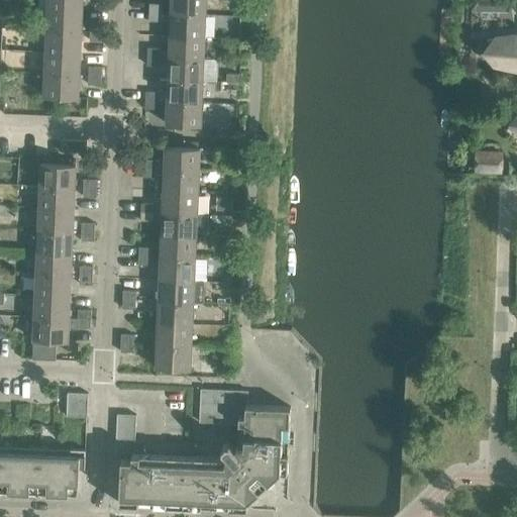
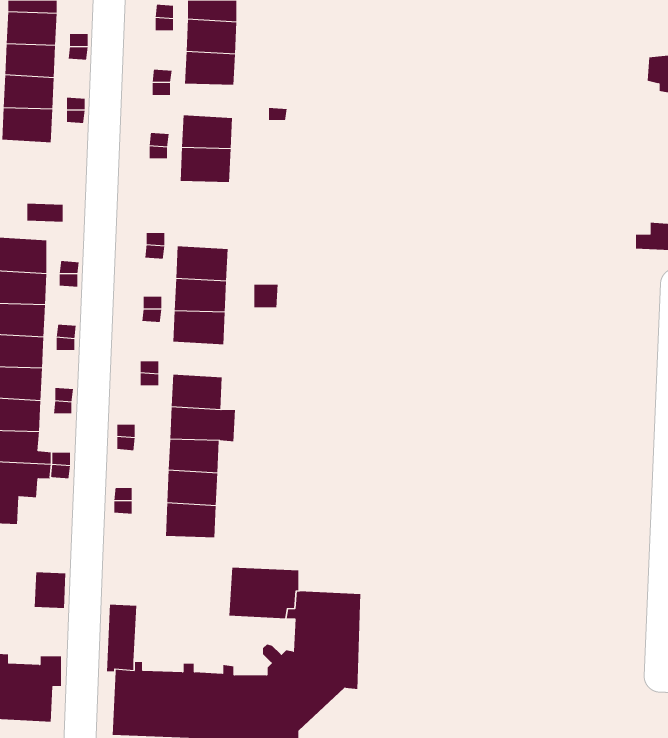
building: [167,59,202,82] -> none
building: [163,147,199,172] -> none
building: [160,235,195,260] -> none

